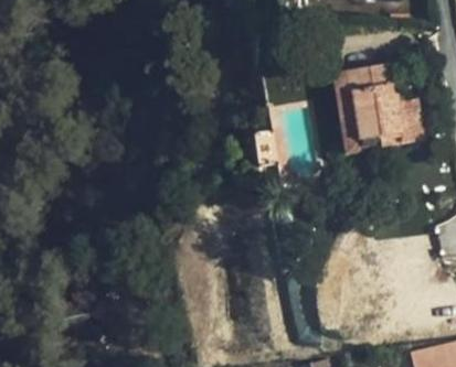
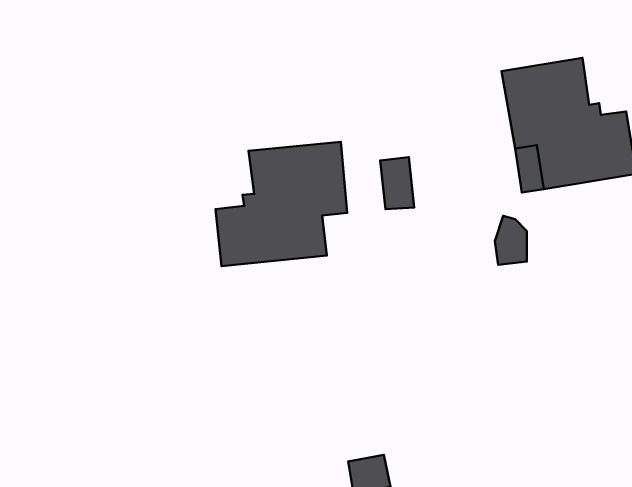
building: none -> [215,142,347,266]

